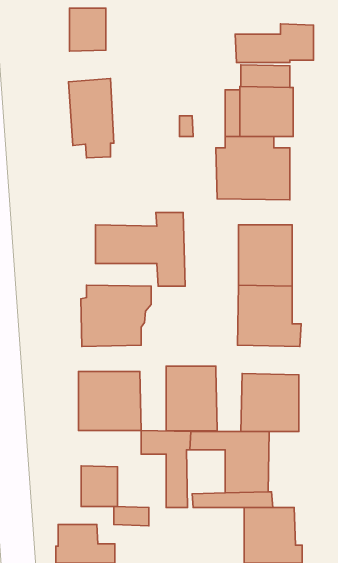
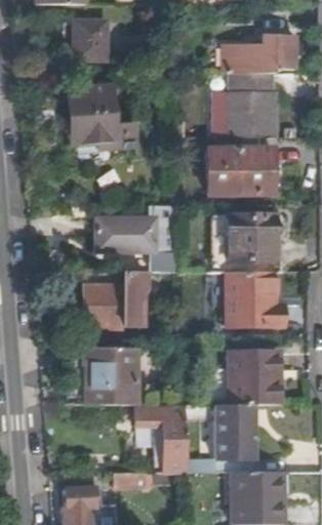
building: [166,366,217,431] -> none
building: [81,466,117,506] -> none

